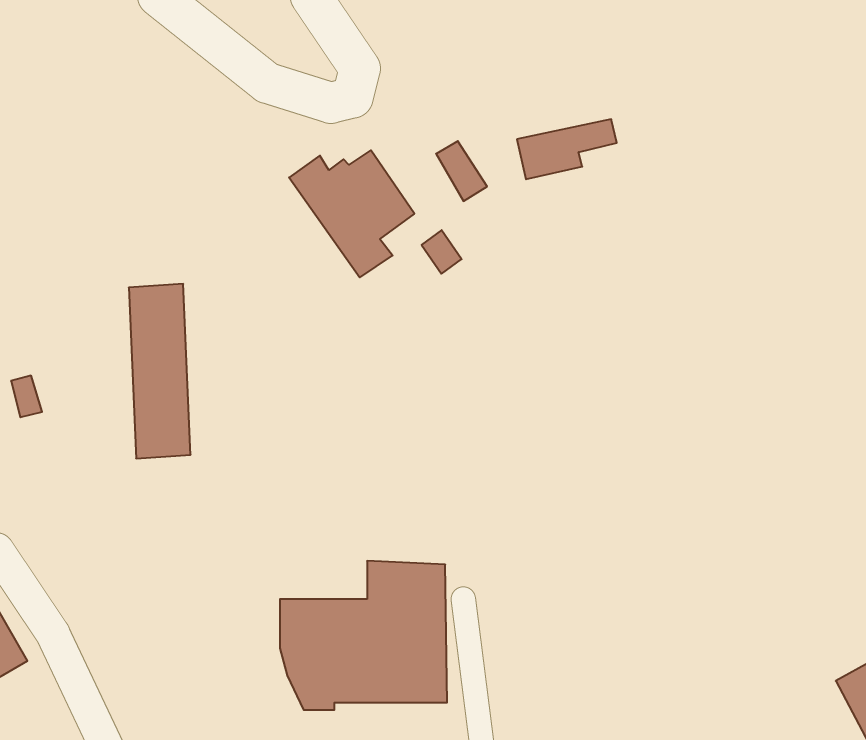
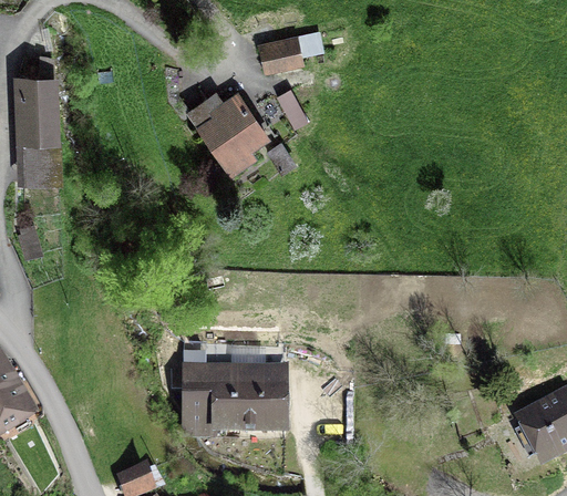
building: [517,119,617,179] -> [260,32,321,69]
building: [129,284,191,458] -> [18,75,55,182]

